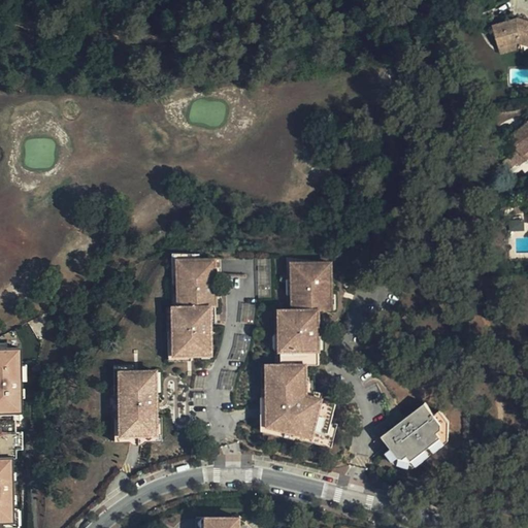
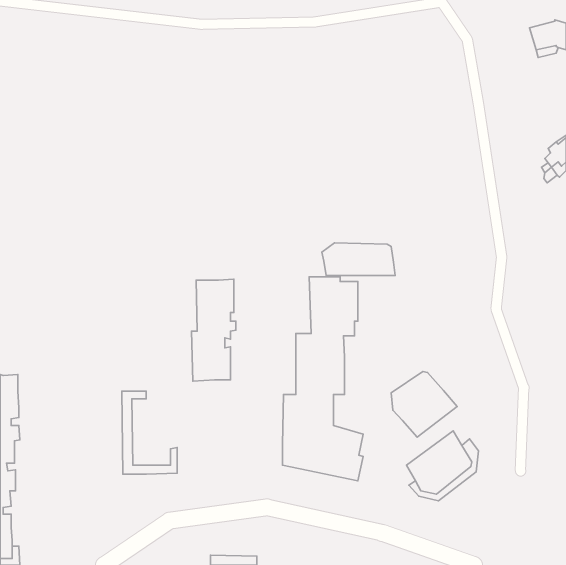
building: none -> [322,243,395,275]
building: [170,254,203,362] -> none
building: none -> [391,371,457,437]
building: [123,370,159,433] -> none

